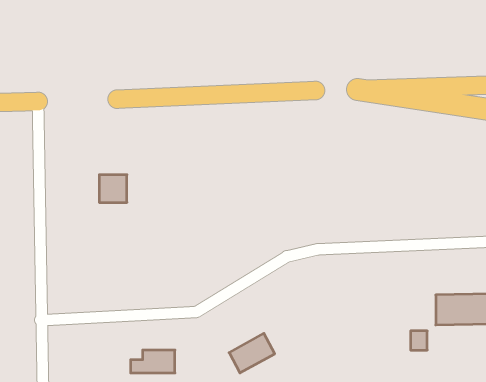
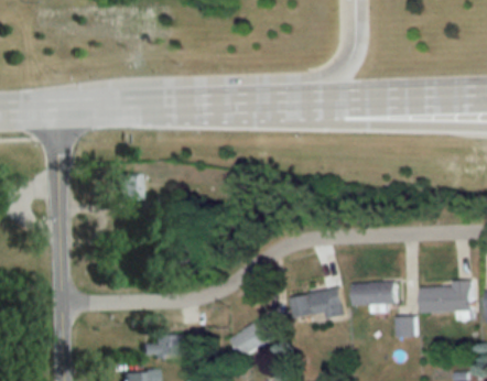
building: none -> [354,282,397,309]
building: none -> [292,287,345,319]

